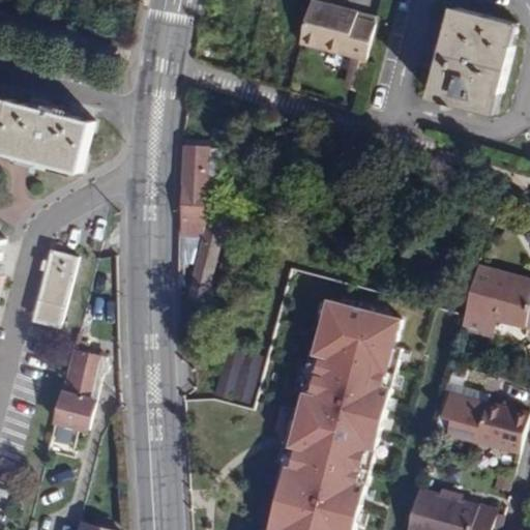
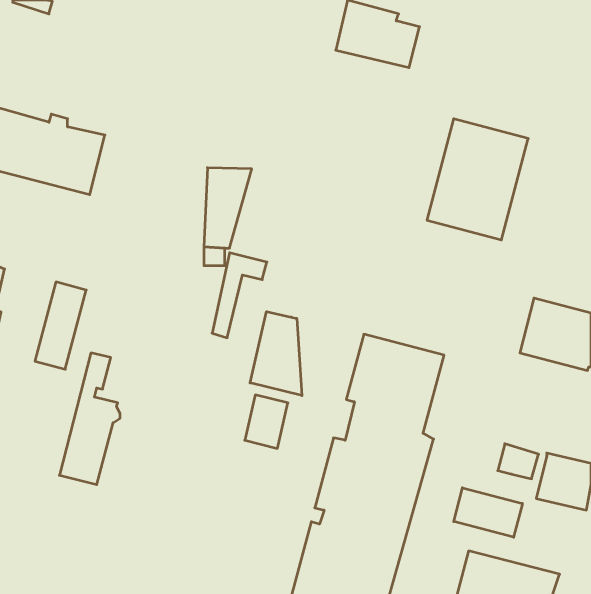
building: [429,8,519,116] -> [427,119,528,240]
building: none -> [250,312,302,396]
building: none -> [454,488,522,537]

